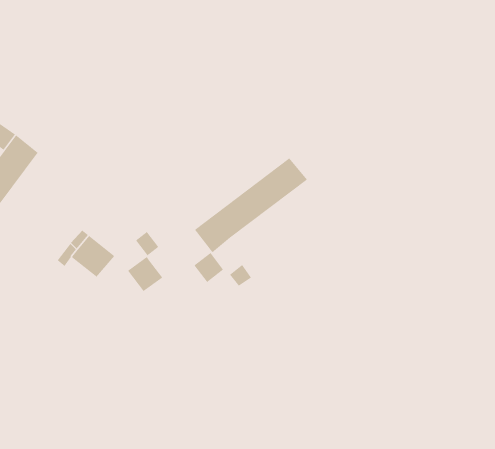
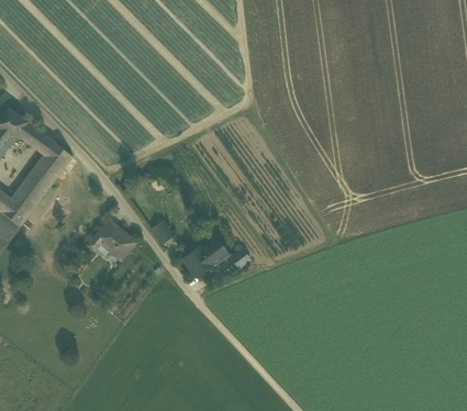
building: [194,158,308,253] -> none
building: [127,256,163,292] -> [181,246,211,276]

